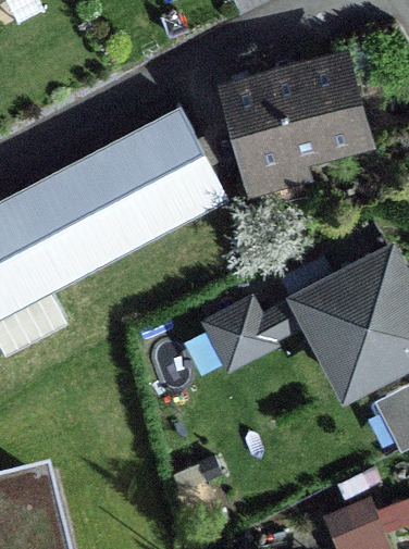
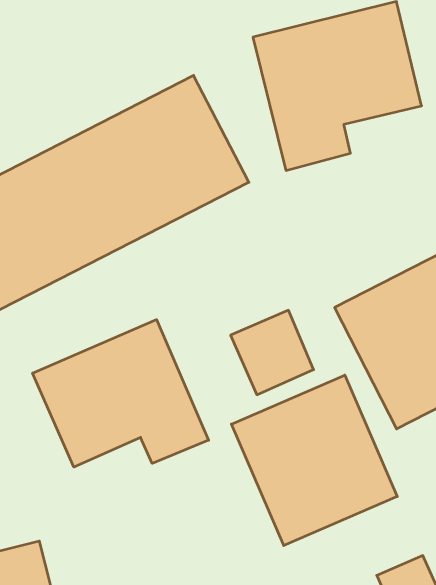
building: none -> [33,320,209,467]
building: none -> [231,375,397,546]

